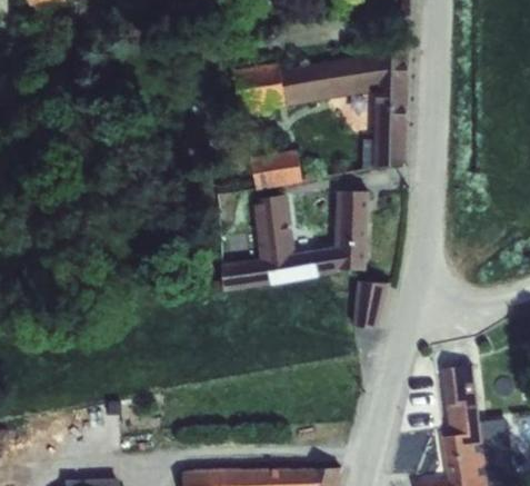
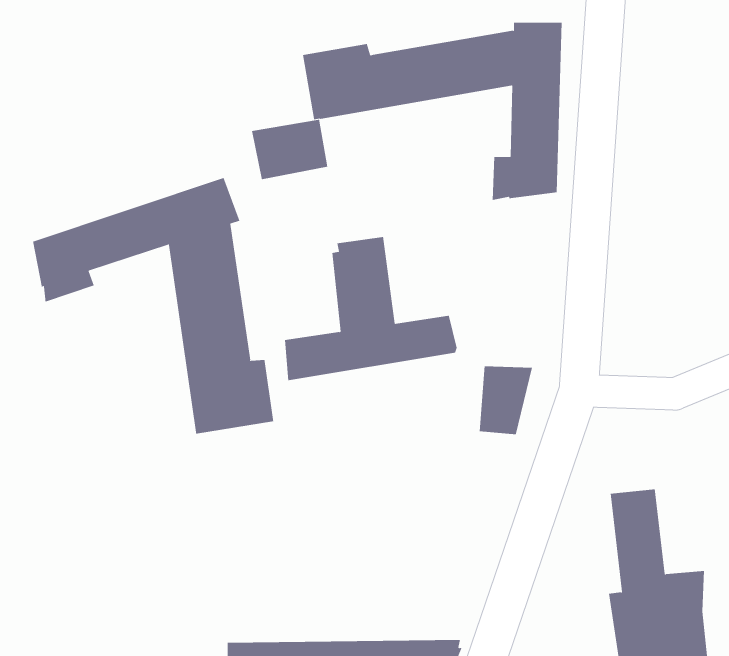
building: [248,150,300,191] -> [251,119,328,180]
building: none -> [32,177,274,434]
building: [331,192,368,271] -> none

